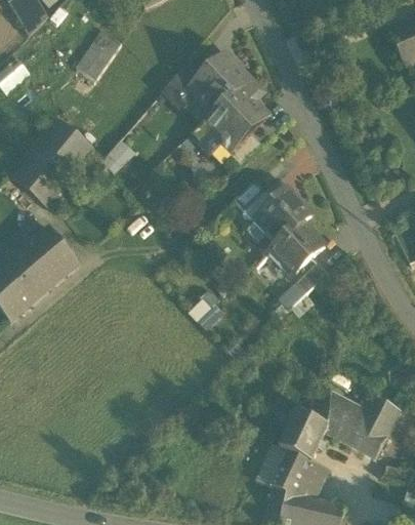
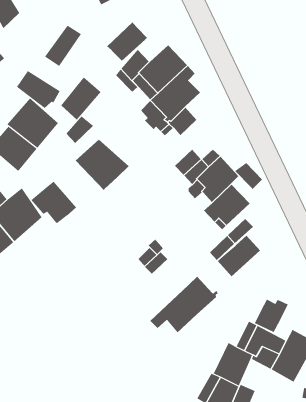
building: none -> [106,22,148,62]
building: none -> [16,70,60,109]
building: none -> [60,76,102,120]
building: none -> [75,139,129,191]
building: none -> [234,162,263,190]
building: none -> [31,181,77,224]
building: none -> [217,235,261,277]
building: none -> [150,276,218,333]
building: none -> [254,299,288,333]

